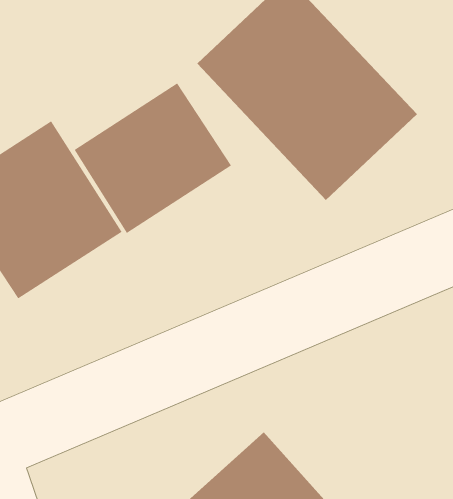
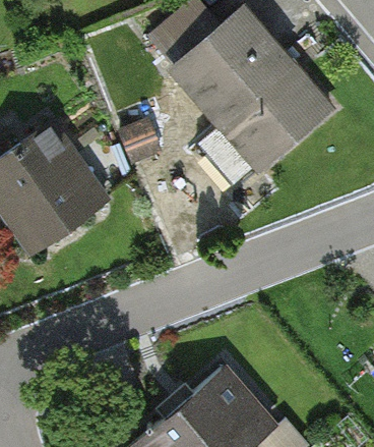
building: [74,82,232,234] -> none

